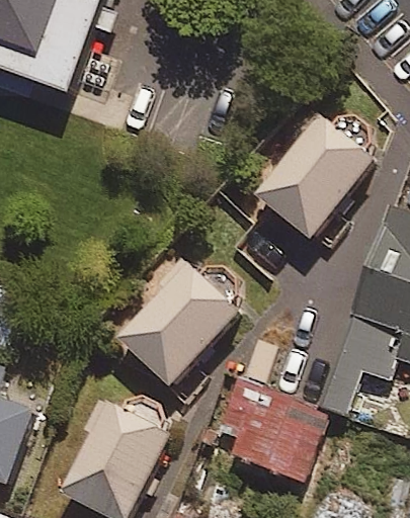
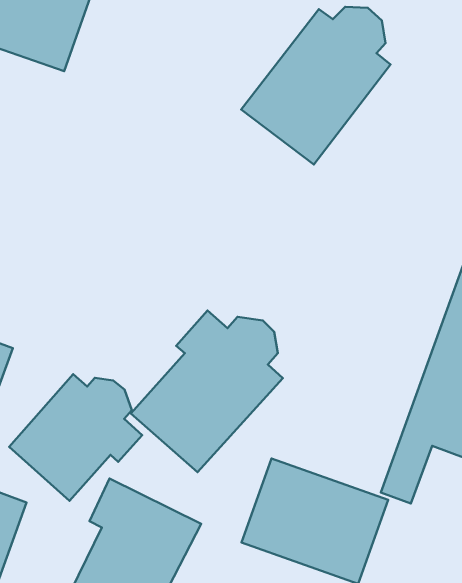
building: [254,113,375,241] -> [241,7,390,165]
building: none -> [9,374,142,501]

